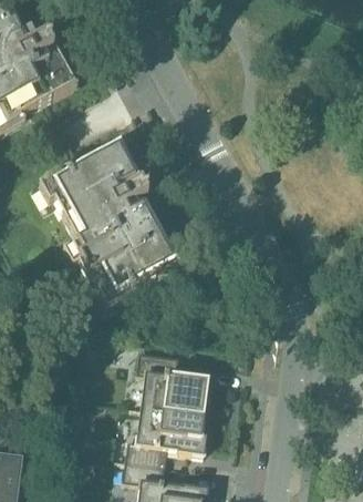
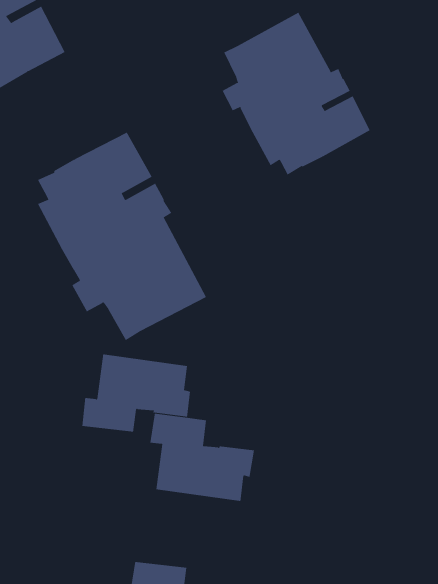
building: none -> [222,12,371,175]
building: [127,403,208,461] -> [81,354,191,432]

